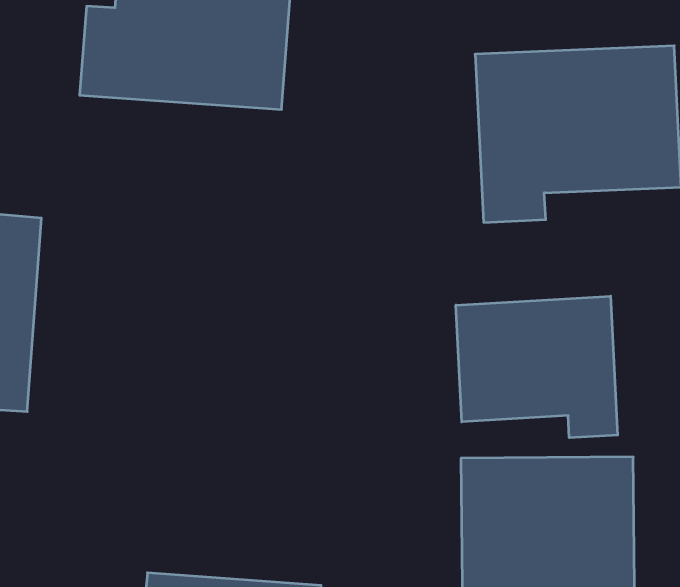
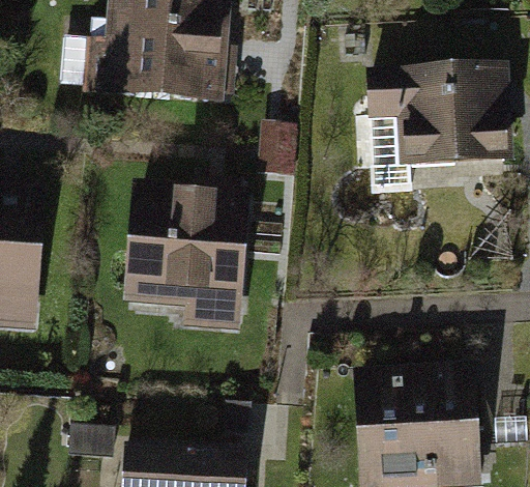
building: none -> [122,182,252,333]
building: [456,296,618,438] -> none

